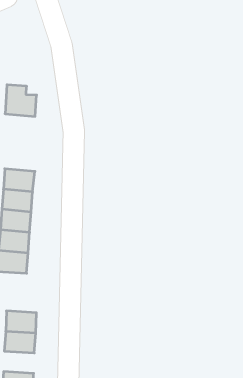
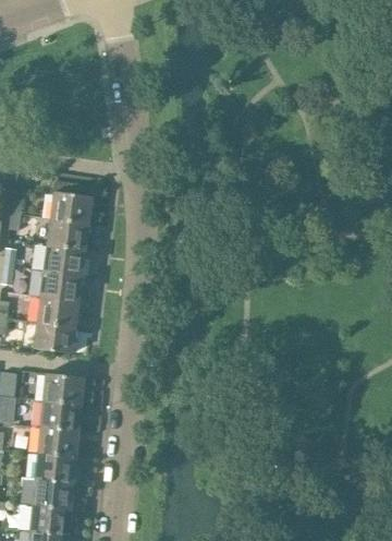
building: [5,85,37,116] -> [49,181,90,224]
building: none -> [41,373,83,405]
building: none -> [34,452,74,482]

